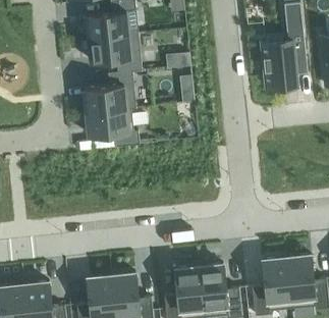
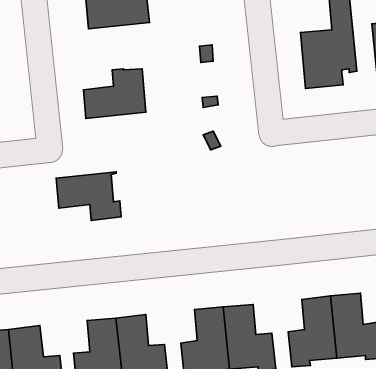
building: [89,34,142,72] -> none
building: [87,107,140,147] -> [56,172,121,221]

